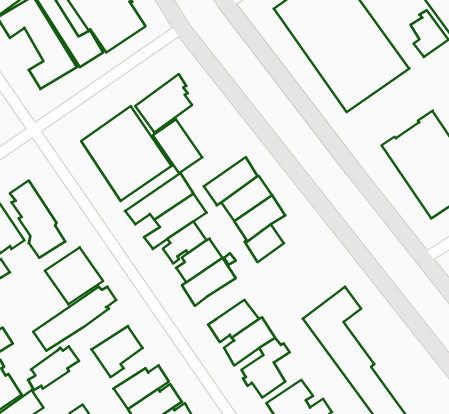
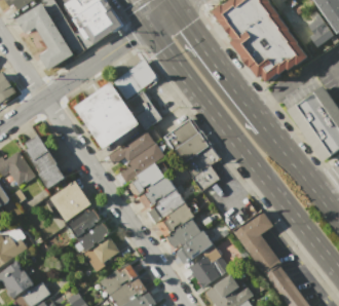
building: none -> [164,202,194,231]
building: [28,346,79,390] -> [75,221,111,252]

